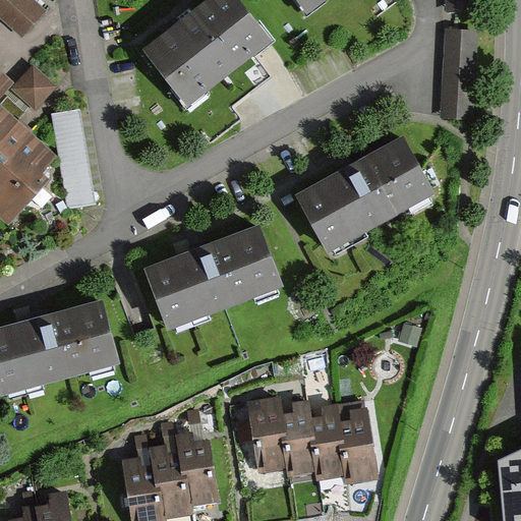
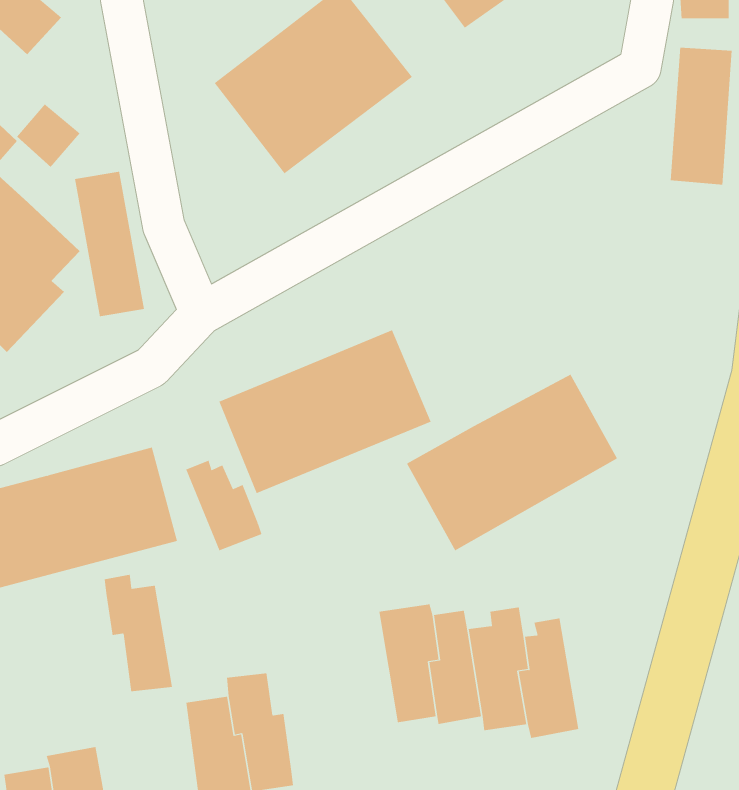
building: [295,133,432,248] -> [406,374,618,551]
building: none -> [185,460,262,551]
building: [175,430,220,507] -> [104,574,173,692]

